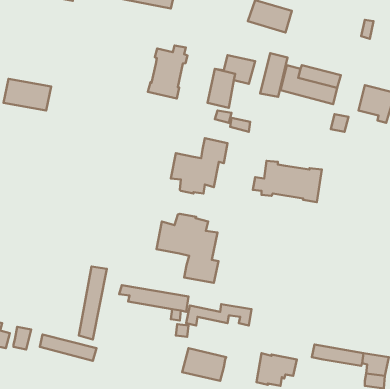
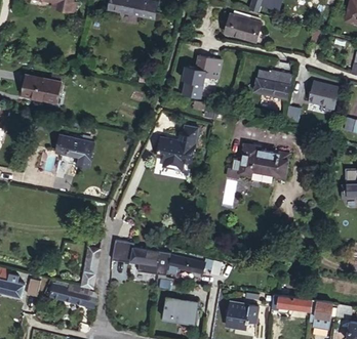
building: [148,45,187,98] -> none
building: [260,53,287,97] -> none
building: none -> [56,130,83,157]
building: [156,214,219,283] -> none

